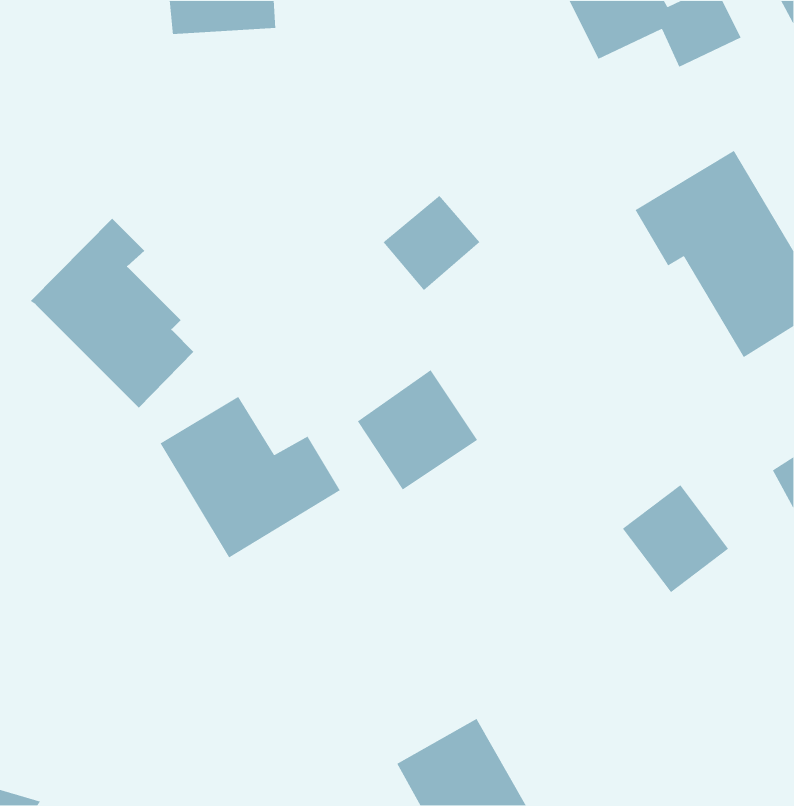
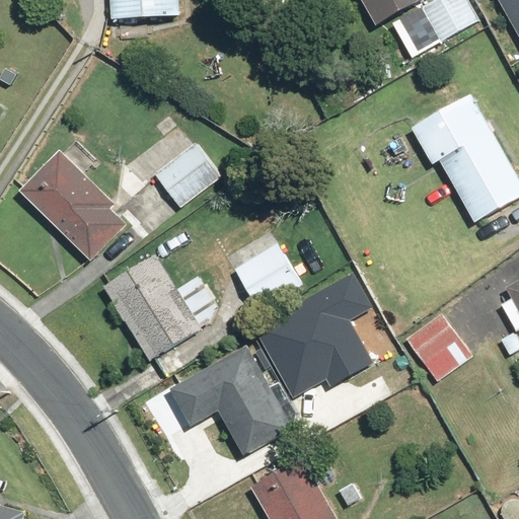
building: [383,195,481,291] -> [155,144,218,206]
building: none -> [249,268,372,392]
building: none -> [168,342,296,457]

